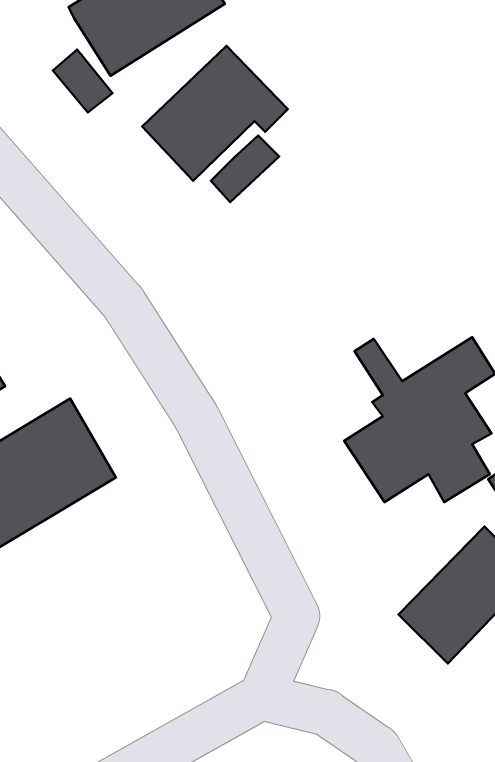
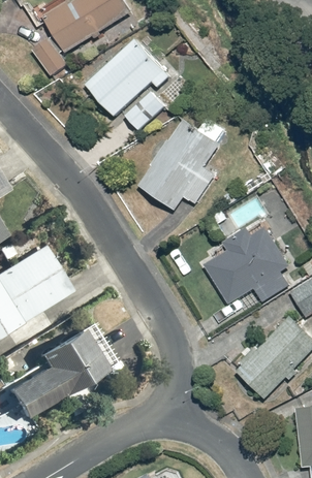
building: none -> [141,117,227,210]
building: none -> [8,326,105,418]

